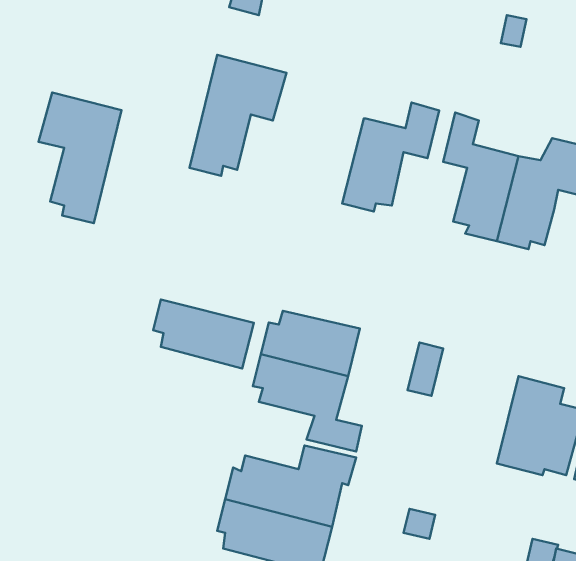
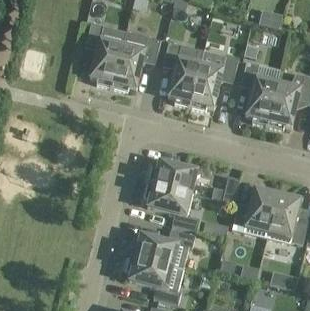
building: none -> [162,41,205,105]
building: [38,92,122,223] -> [84,21,126,87]
building: [153,300,254,369] -> none
building: none -> [231,186,278,236]

